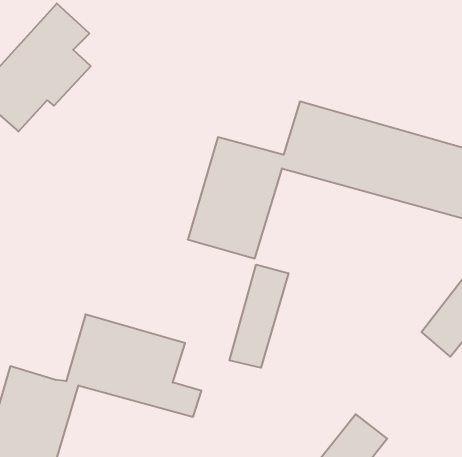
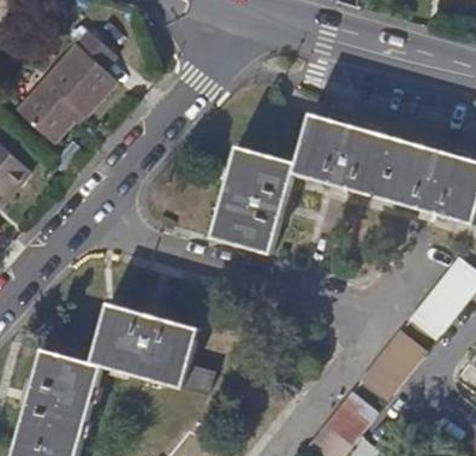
building: [229,265,288,368] -> none
building: none -> [359,331,426,402]

